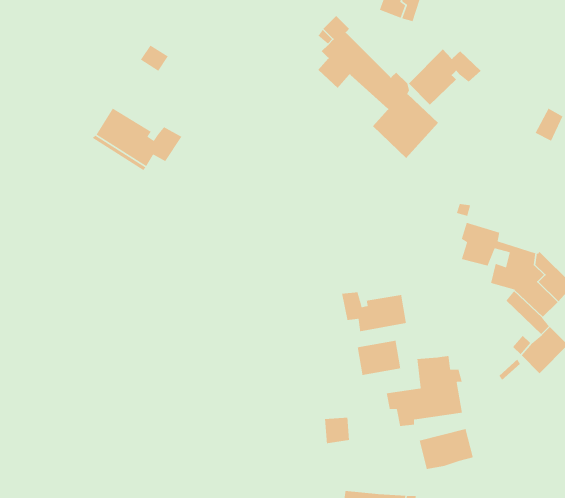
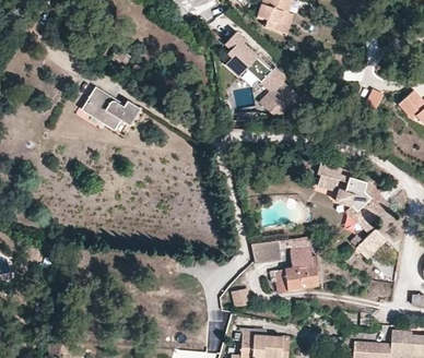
building: [408,48,482,106] -> none
building: [341,291,407,332] -> none
building: [419,428,474,470] -> none

